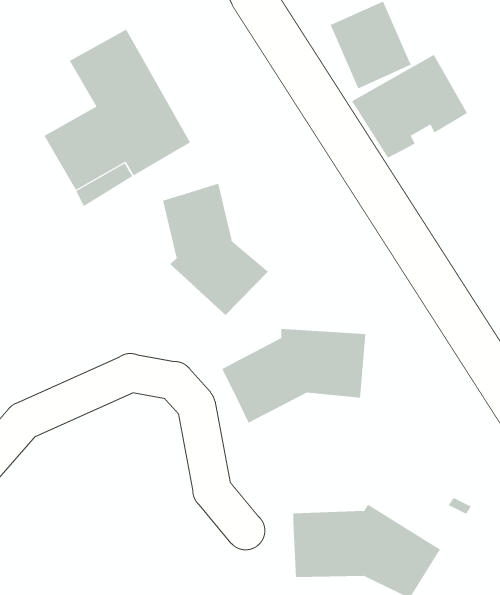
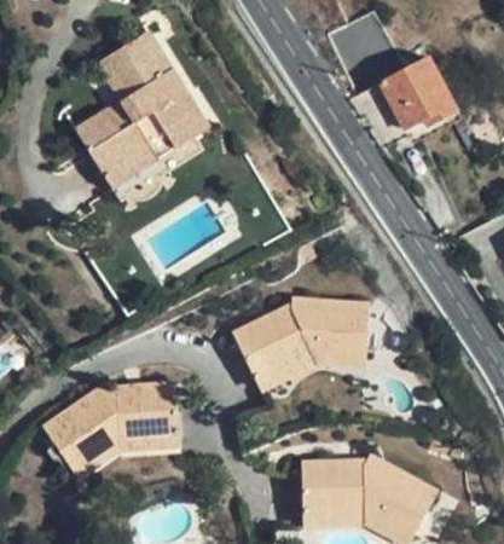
building: [162,183,269,316] -> none
building: none -> [44,383,180,471]

